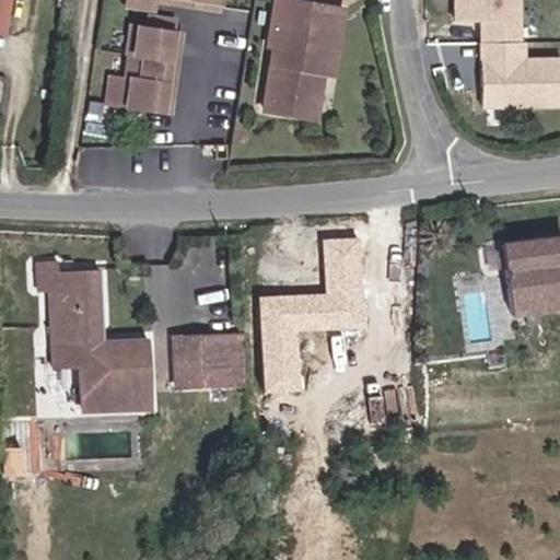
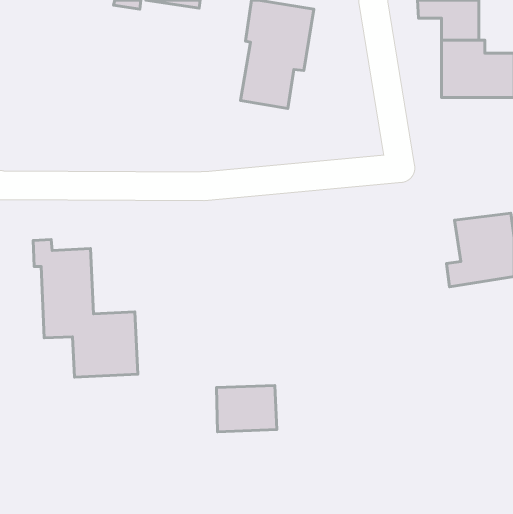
building: [106,22,180,113] -> none
building: [261,240,365,393] -> none
building: [175,336,241,386] -> [217,385,277,432]

